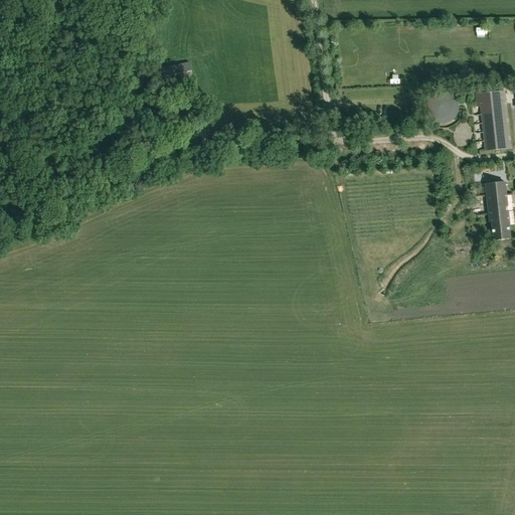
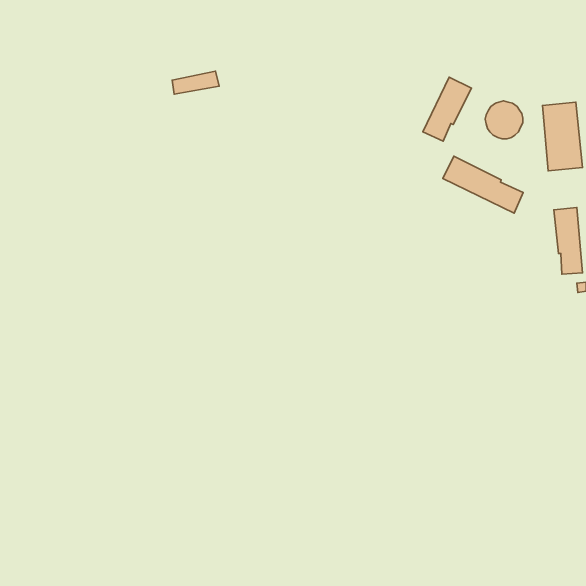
building: none -> [423,77,472,141]
building: none -> [443,156,523,213]

